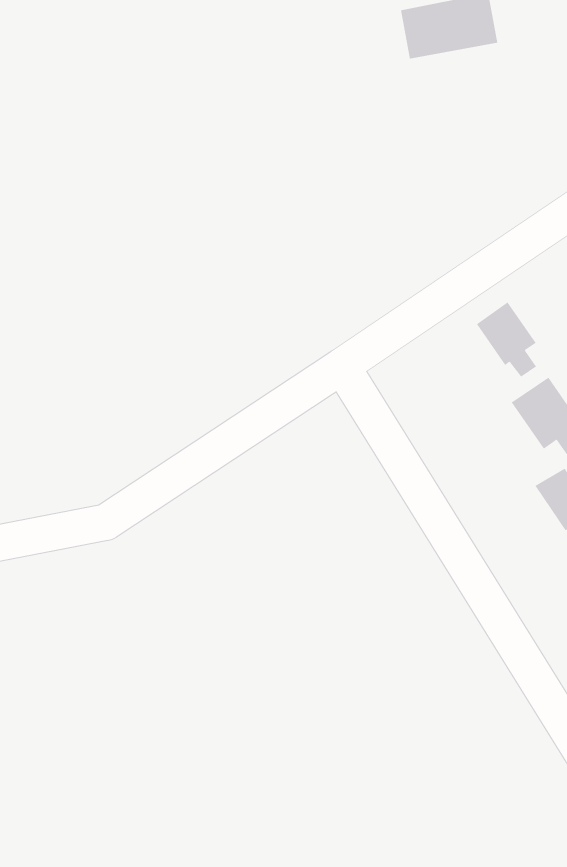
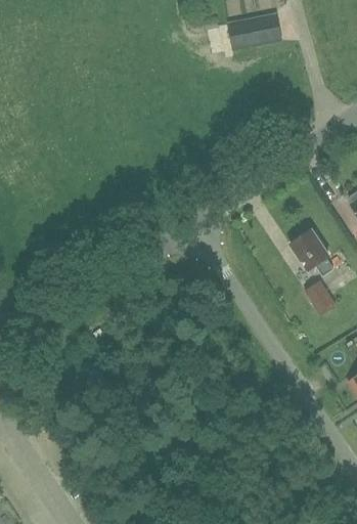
building: [476,301,537,377] -> none

